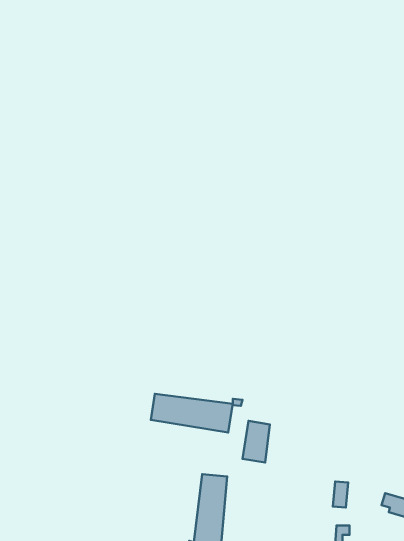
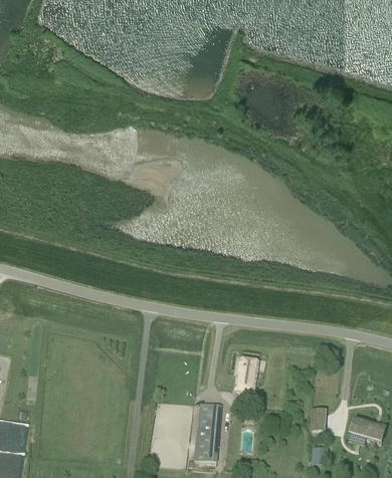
building: [151,394,242,432] -> none

